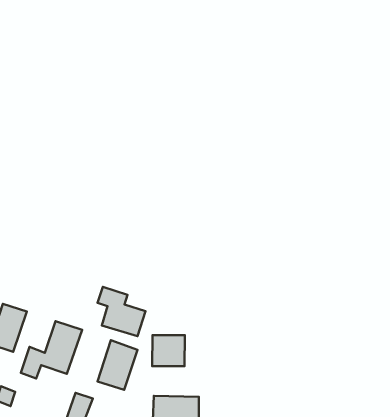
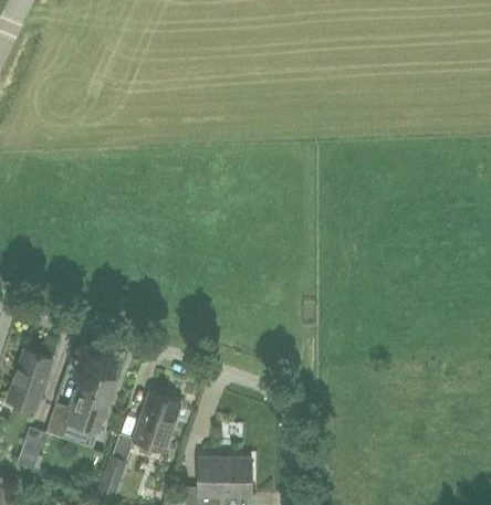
building: [98,287,146,336] -> none
building: [152,335,185,366] -> none

